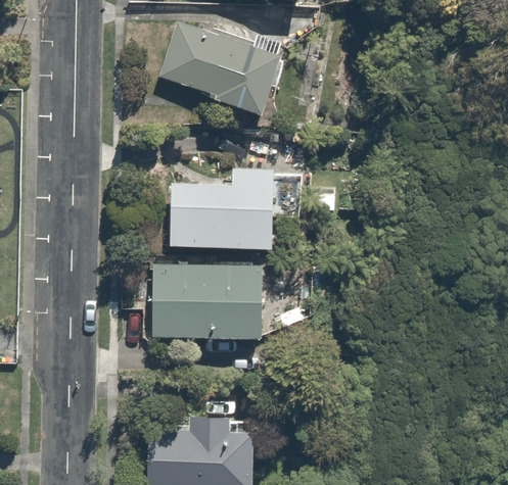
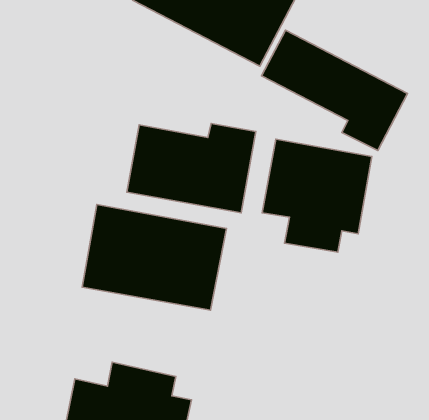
building: none -> [261,30,408,151]
building: none -> [262,139,372,252]

